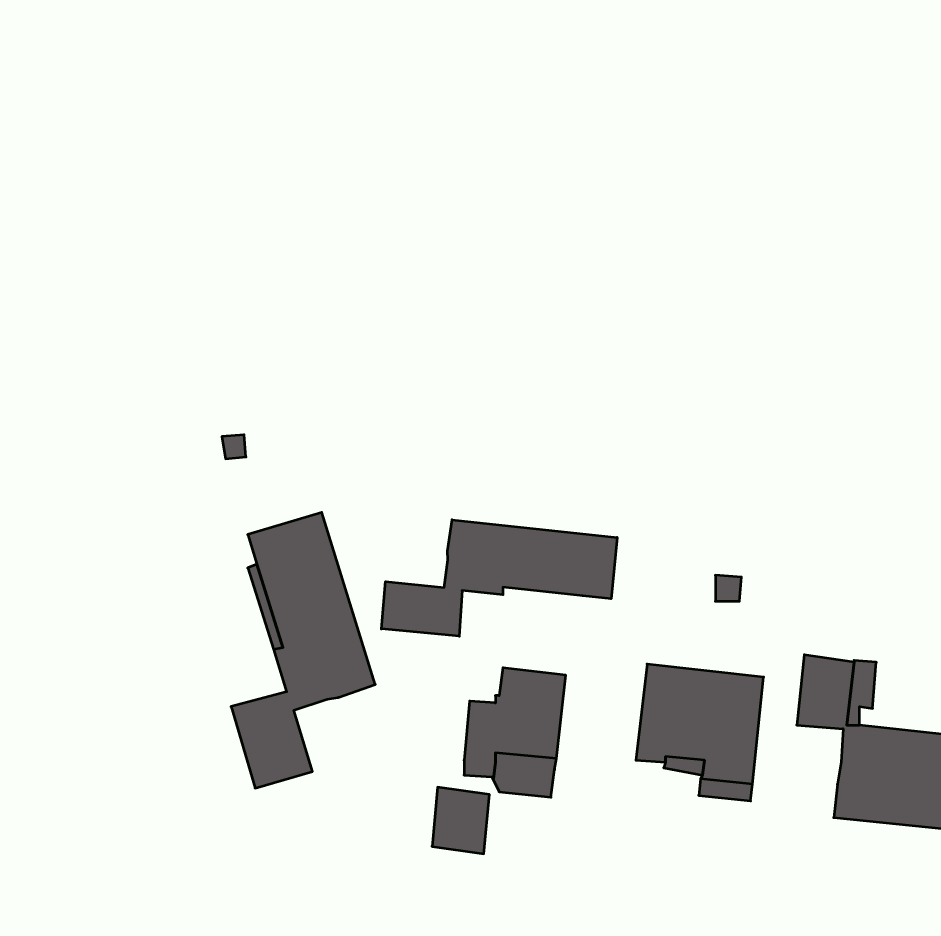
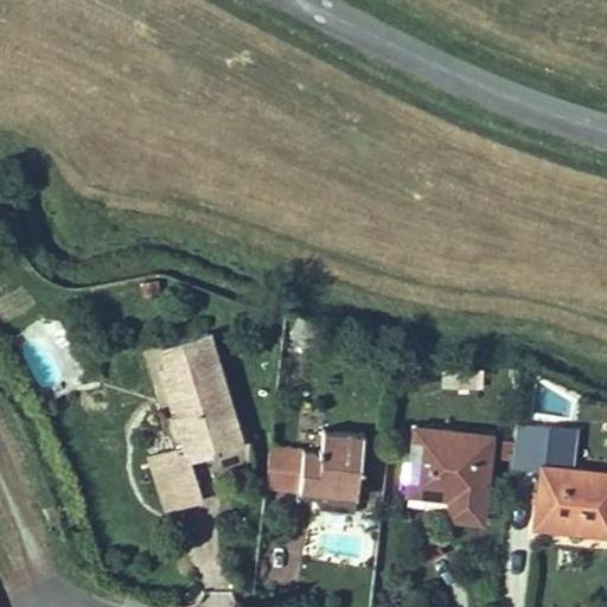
building: [381,520,617,636] -> none
building: [432,787,489,854] -> [267,451,304,493]

